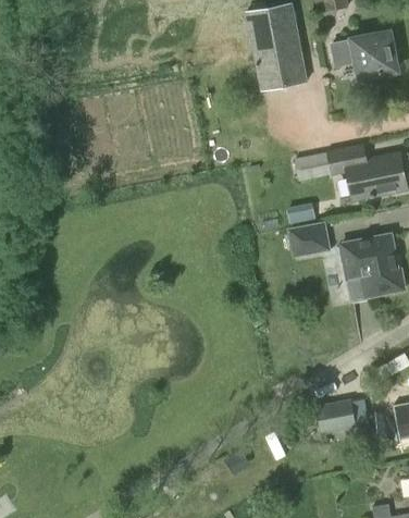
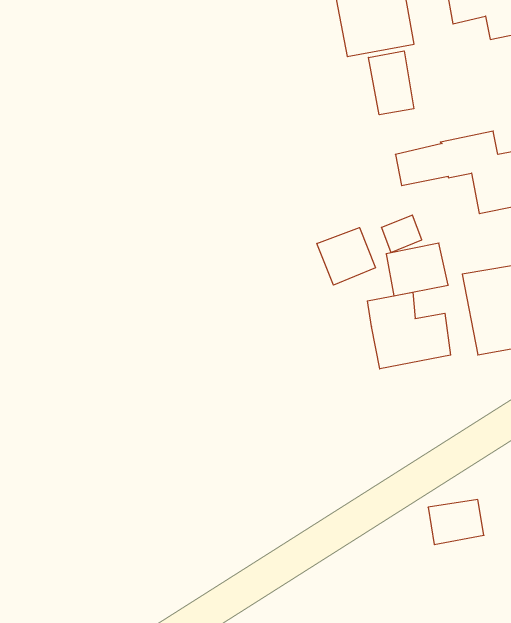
building: none -> [368,51,414,115]
building: none -> [317,228,375,285]
building: none -> [367,292,451,369]

